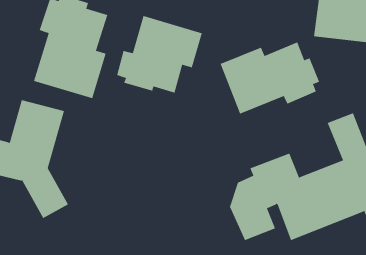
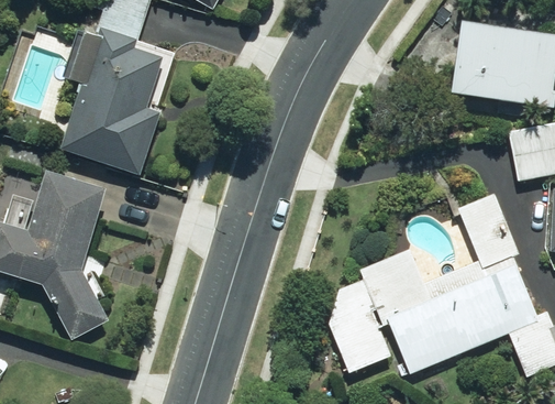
building: [117,15,202,93] -> none
building: [220,42,320,114] -> none

